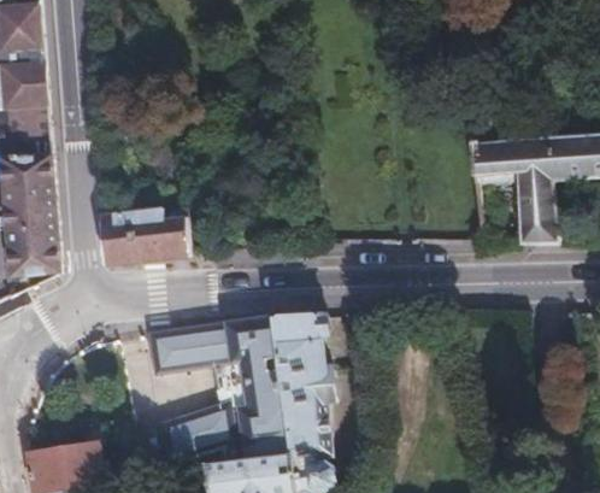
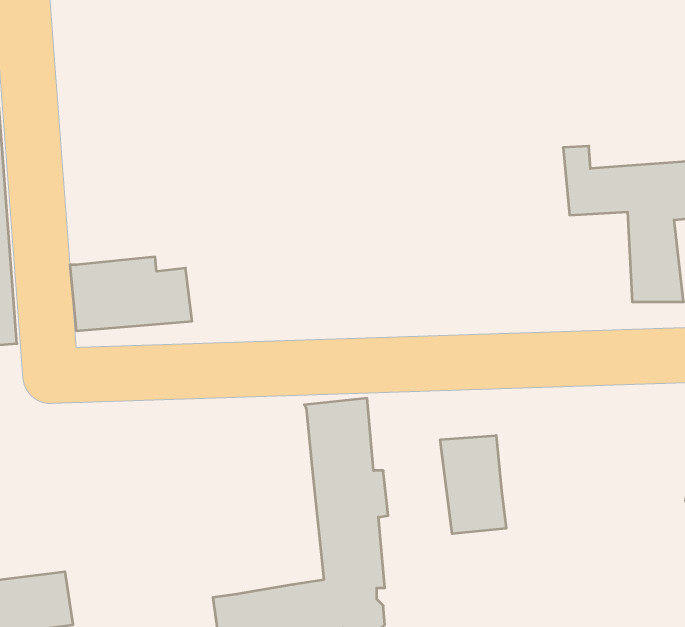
building: [149,318,289,463] -> none
building: none -> [440,435,506,534]

